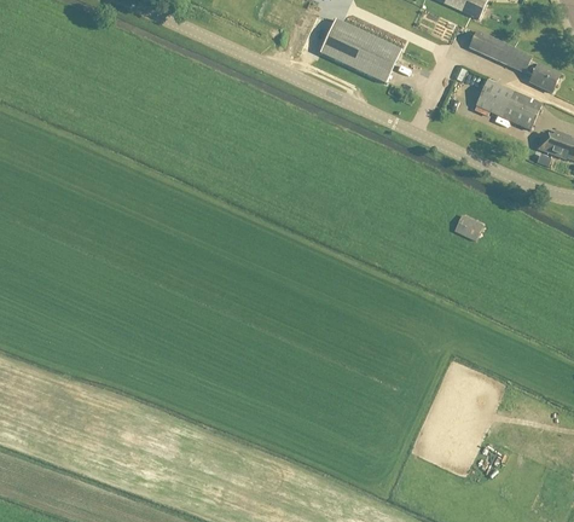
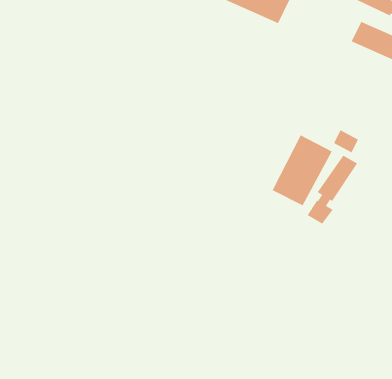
building: none -> [272,134,332,206]
building: none -> [307,155,358,224]

